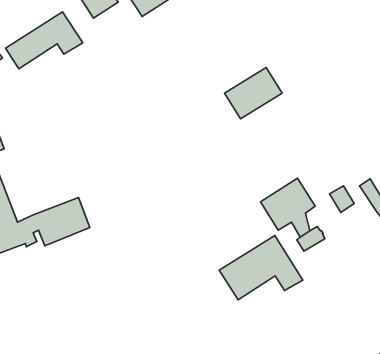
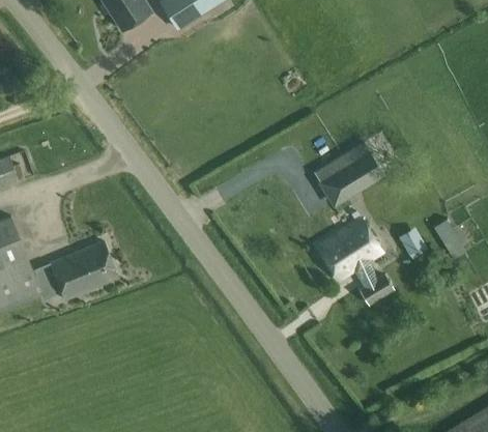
building: [6,12,83,69] -> none
building: [225,68,282,119] -> [315,144,382,204]
building: [219,236,303,300] -> none

